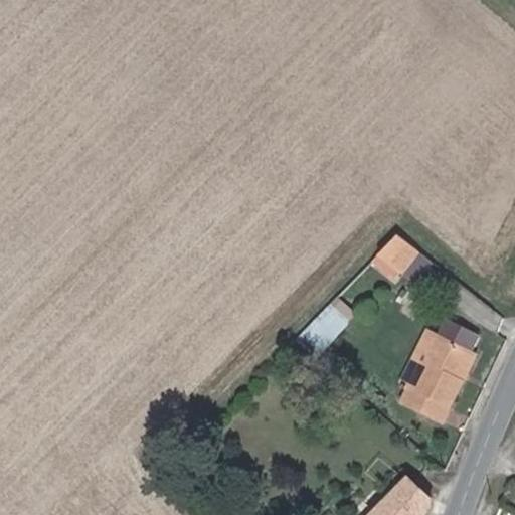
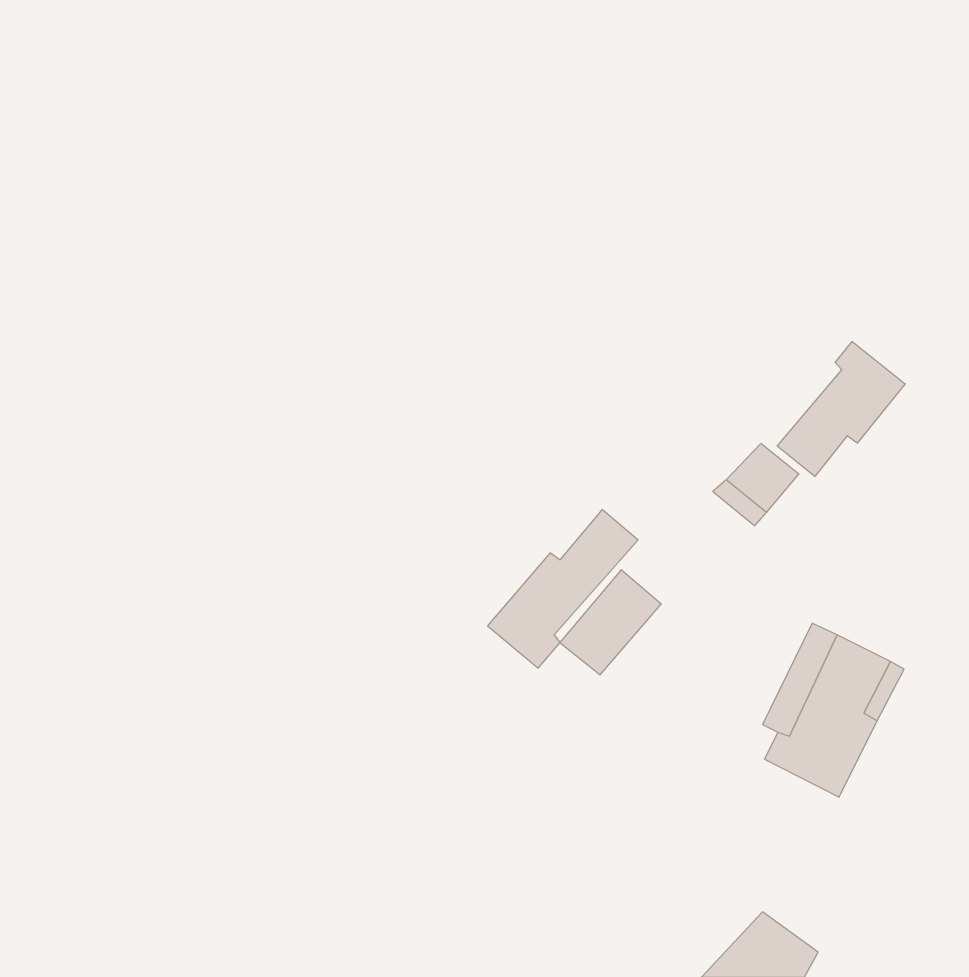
building: none -> [777,342,905,477]
building: none -> [488,509,638,668]

